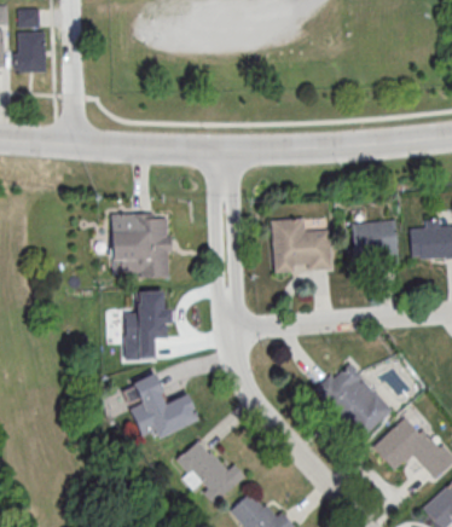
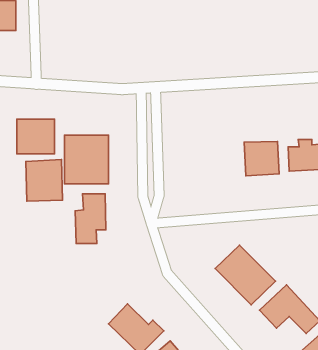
building: none -> [17,119,55,154]
building: [271,219,332,273] -> none
building: none -> [26,160,63,201]
building: [131,373,199,439] -> none

